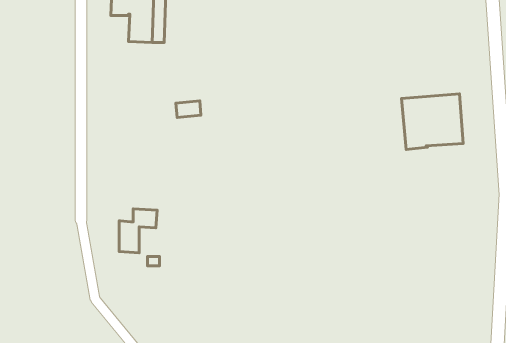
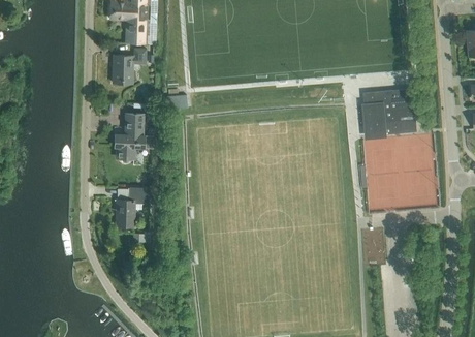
building: none -> [112,49,145,83]
building: none -> [114,113,152,162]

